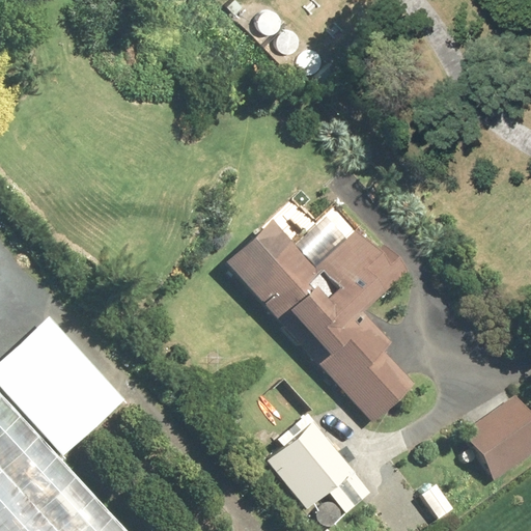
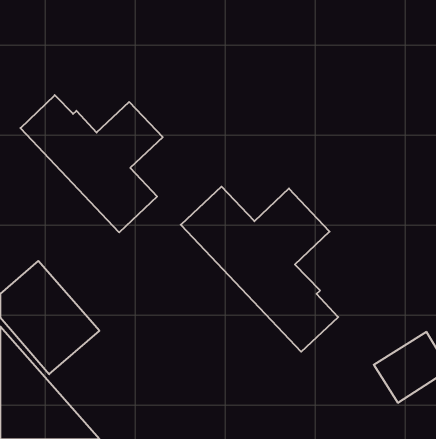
building: none -> [20,95,163,232]
building: [263,426,367,516] -> none

